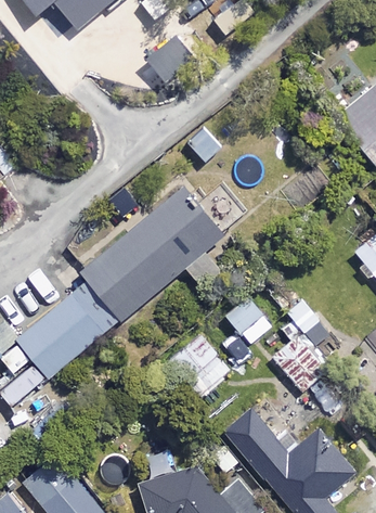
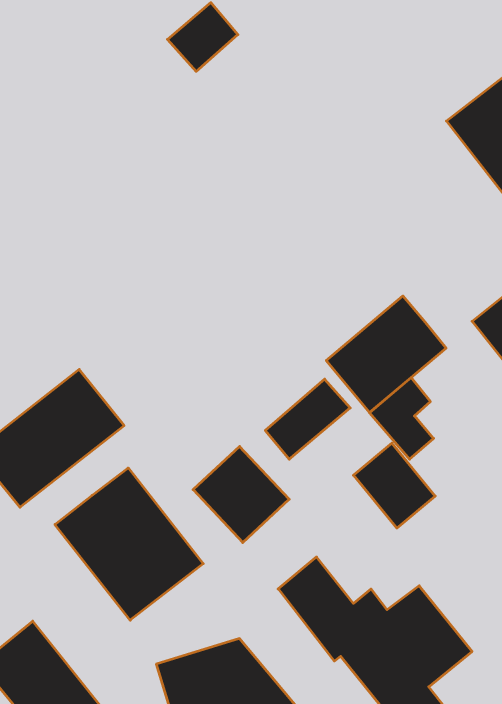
building: [81,190,222,321] -> none
building: none -> [326,296,446,413]
building: none -> [55,468,203,620]

